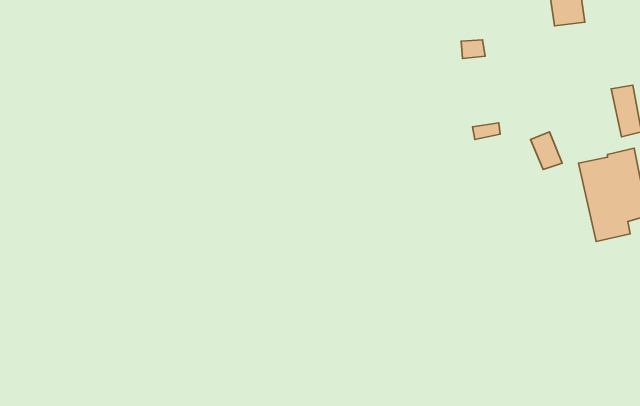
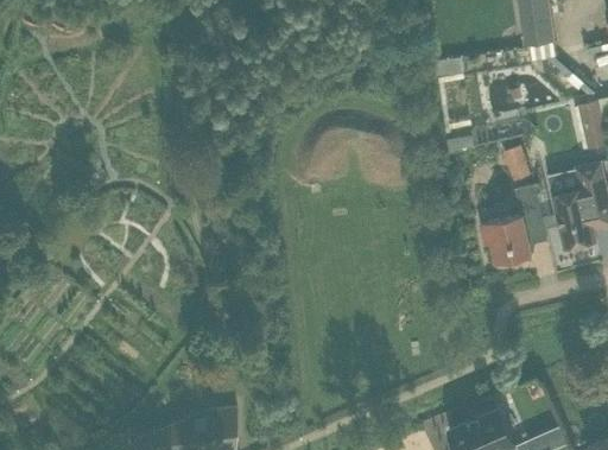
building: none -> [480,185,543,265]

